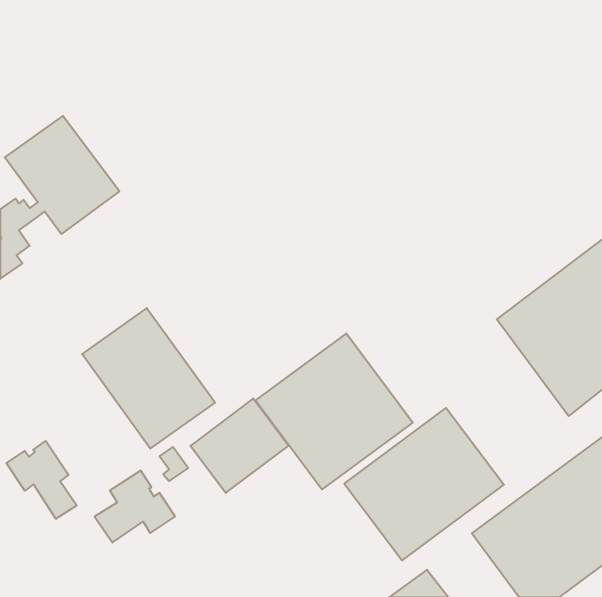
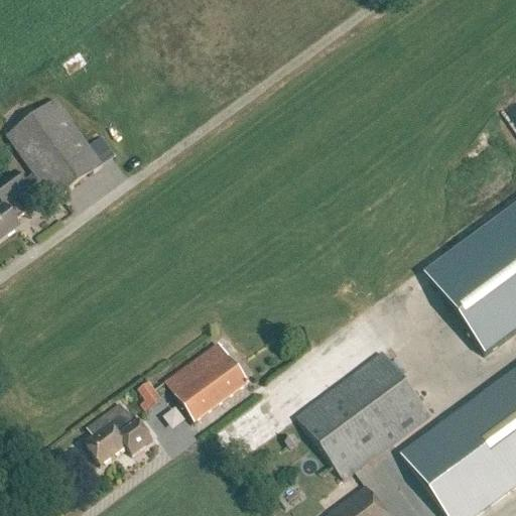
building: [82,308,215,449] -> none
building: [256,333,413,489] -> none
building: [6,441,77,519] -> none

